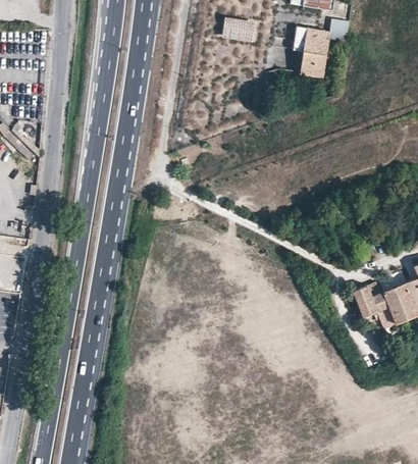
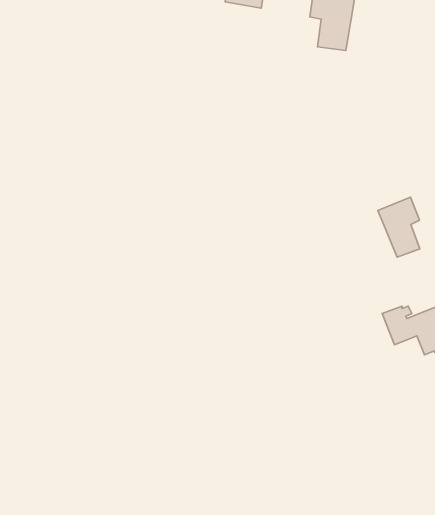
building: none -> [378,197,420,257]

